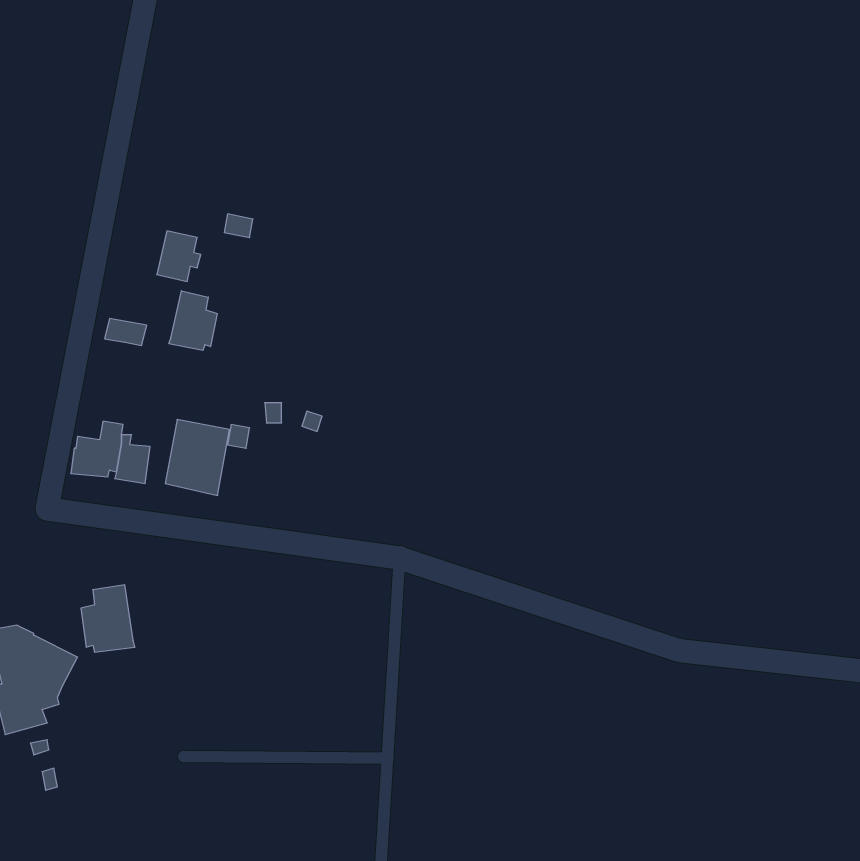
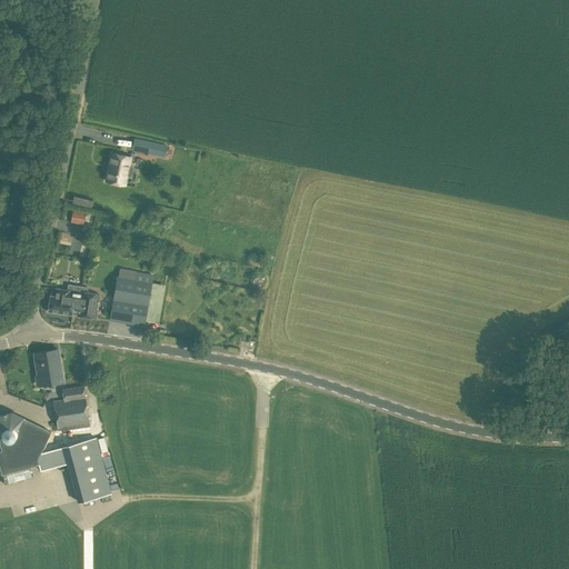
building: [169,291,217,350] -> none
building: none -> [33,349,62,387]
building: none -> [38,438,110,502]

